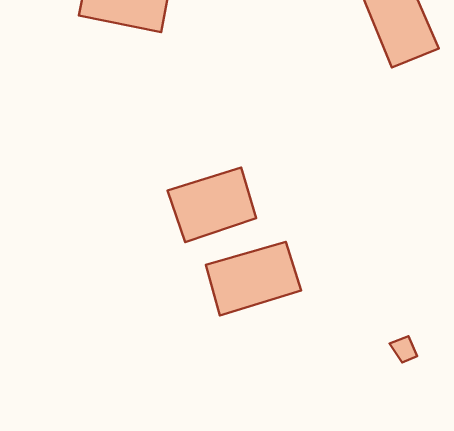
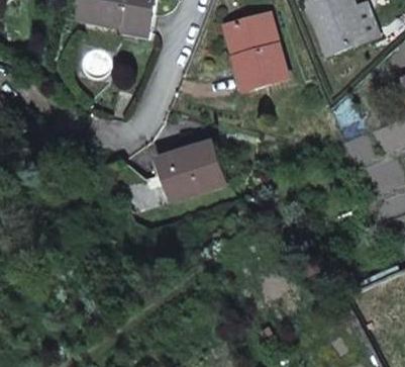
building: none -> [232,11,286,88]
building: [206,242,301,316] -> none

